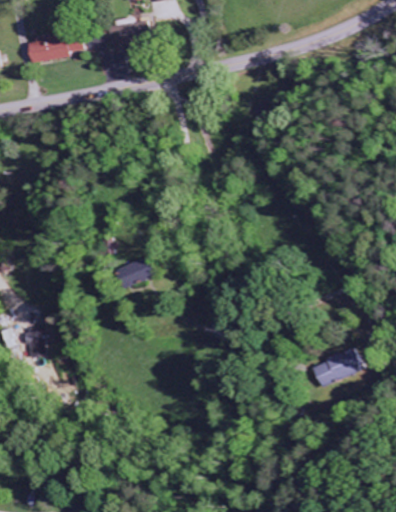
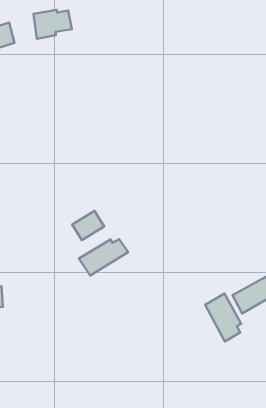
building: none -> [79,239,128,275]
building: none -> [205,293,241,342]

